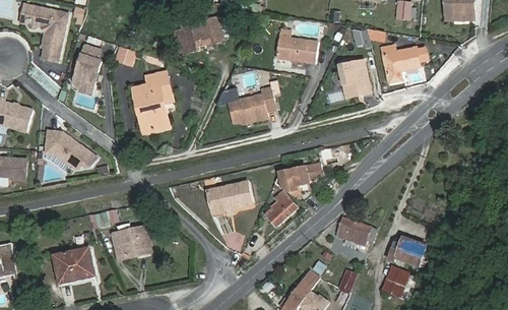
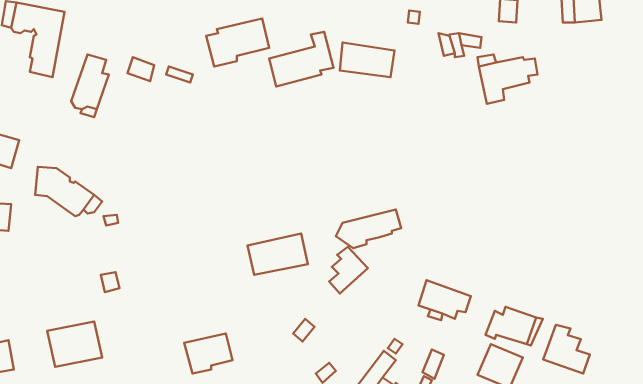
building: [339,61,370,95] -> none
building: [133,80,170,131] -> none
building: [228,82,276,124] -> [269,32,333,86]
building: [113,228,149,258] -> [184,333,232,373]
building: none -> [543,325,590,373]

